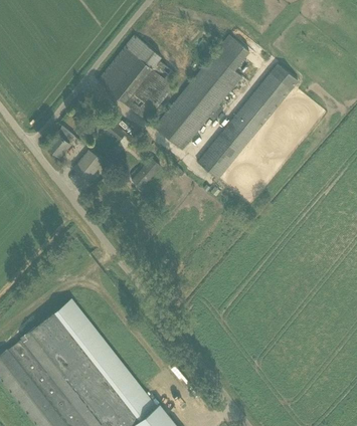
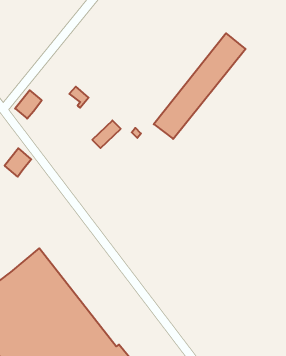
building: [155,35,248,150] -> none
building: [98,36,176,122] -> none
building: [74,150,104,181] -> [5,148,31,177]

